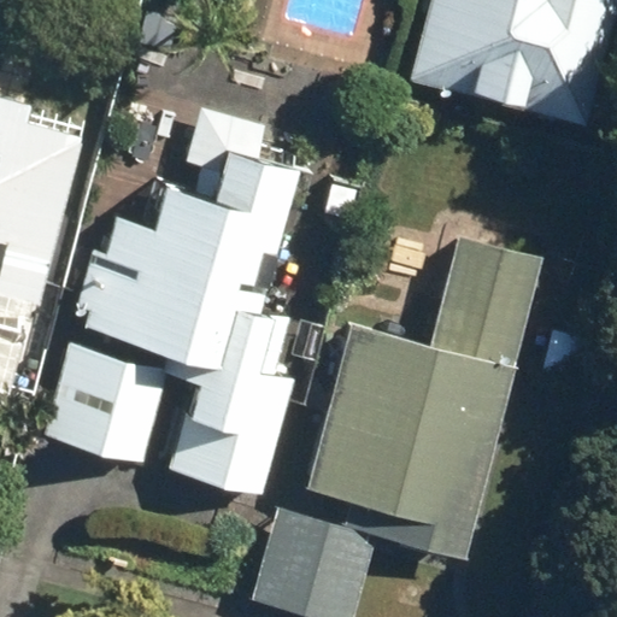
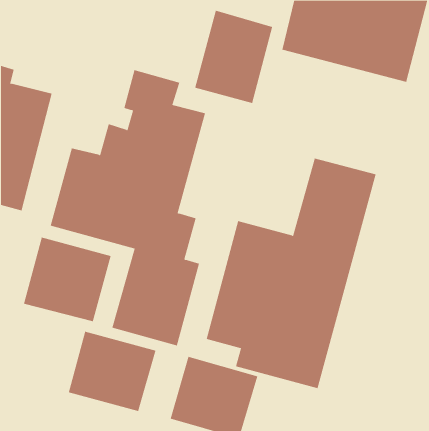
building: none -> [194,10,273,104]
building: none -> [68,331,156,412]

